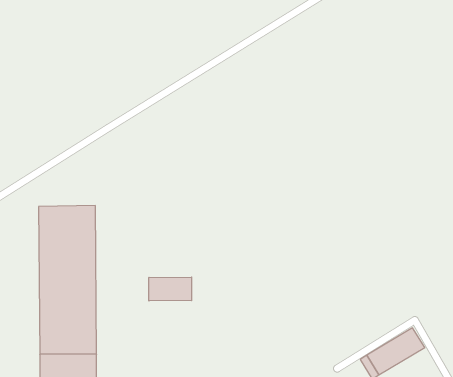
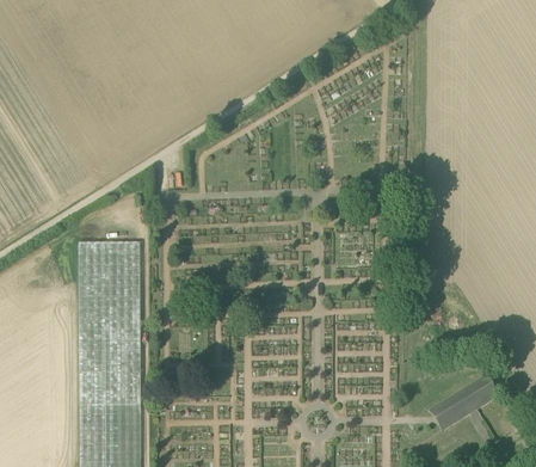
building: [149,277,192,301] -> none

